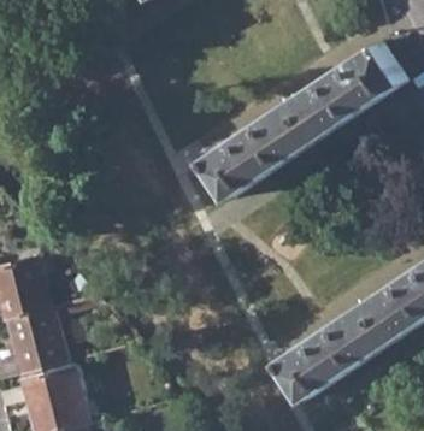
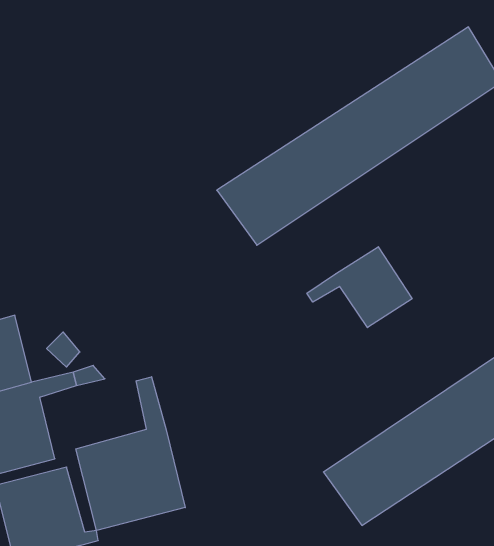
building: none -> [307,247,412,328]
building: none -> [76,377,185,530]

